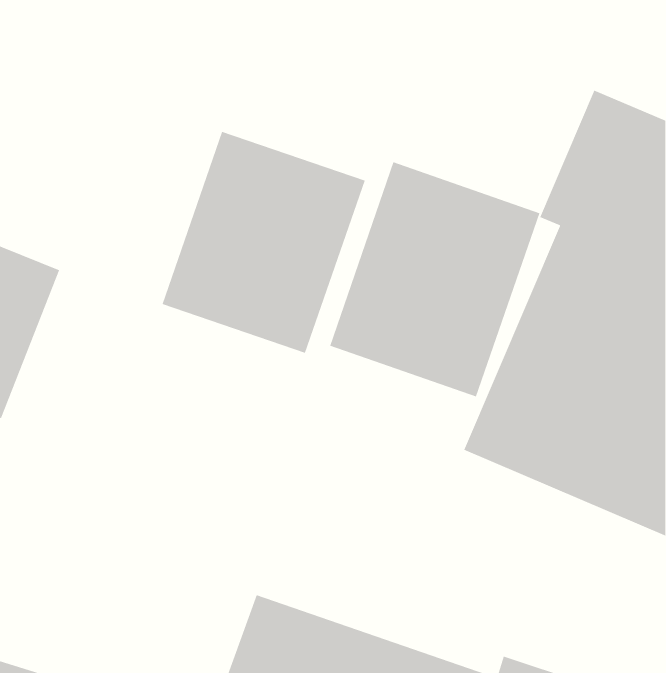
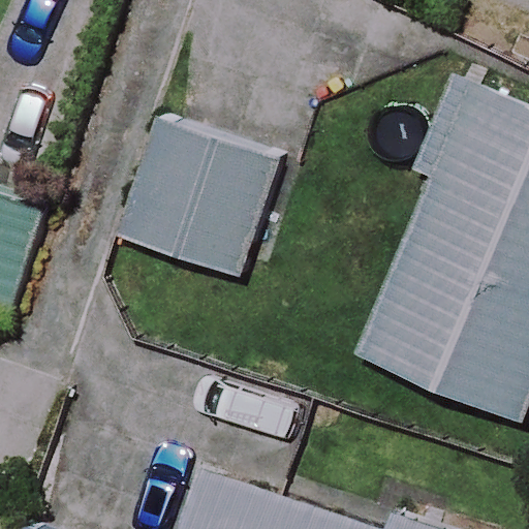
building: [329,161,540,398] -> none

